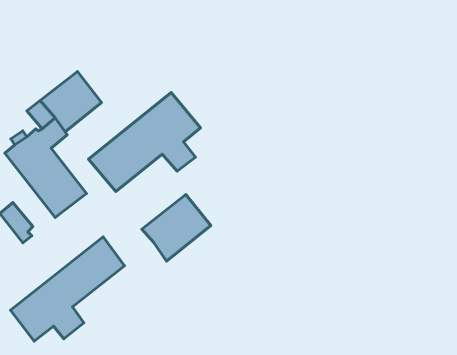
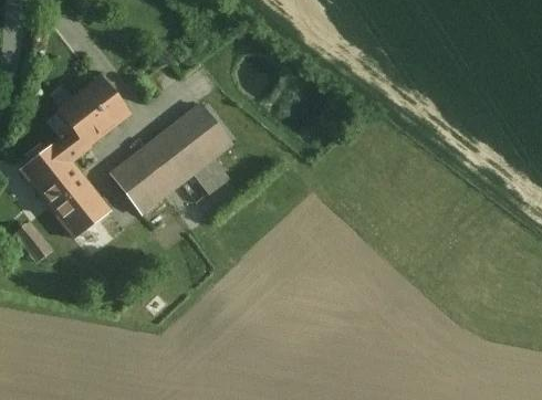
building: [142,195,211,261] -> none
building: [10,237,125,341] -> none

